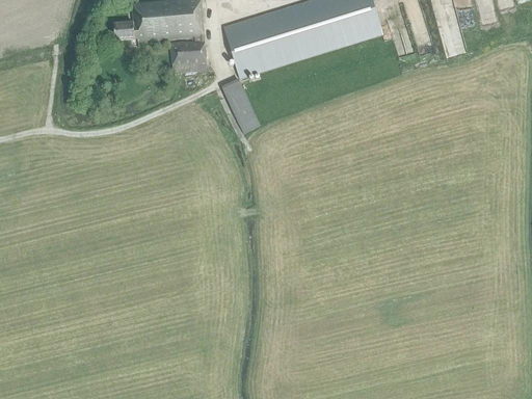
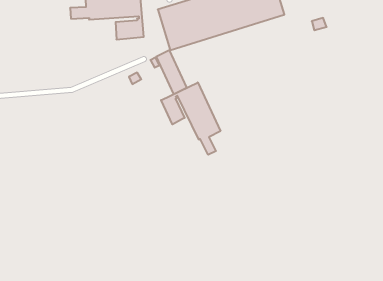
building: none -> [161,82,220,155]

